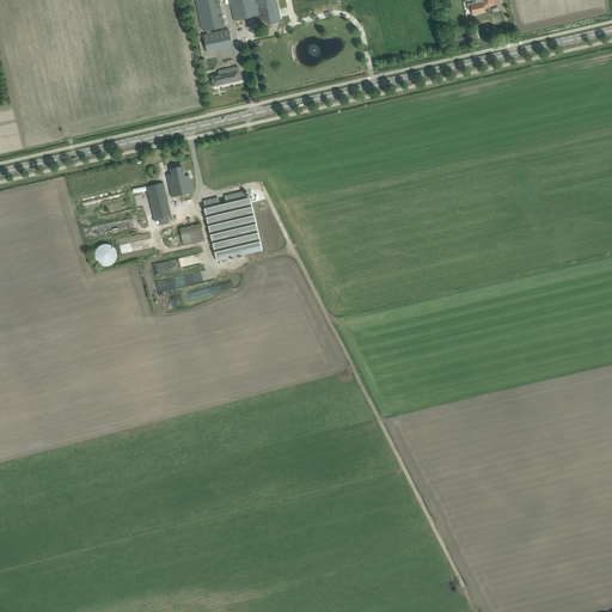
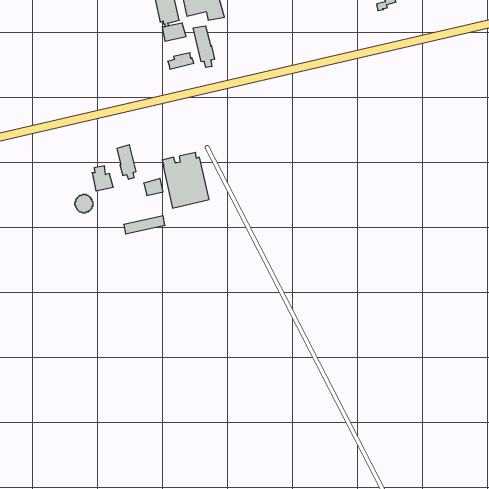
building: none -> [193,26,215,67]
building: [166,165,192,196] -> [92,166,113,191]

